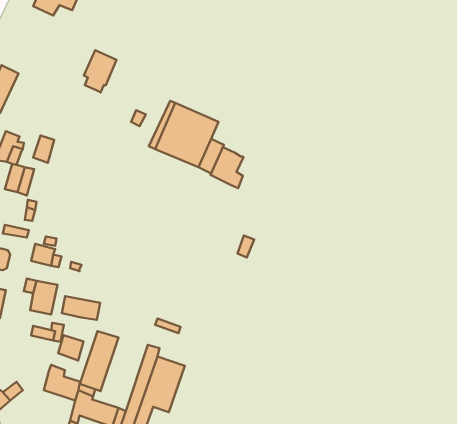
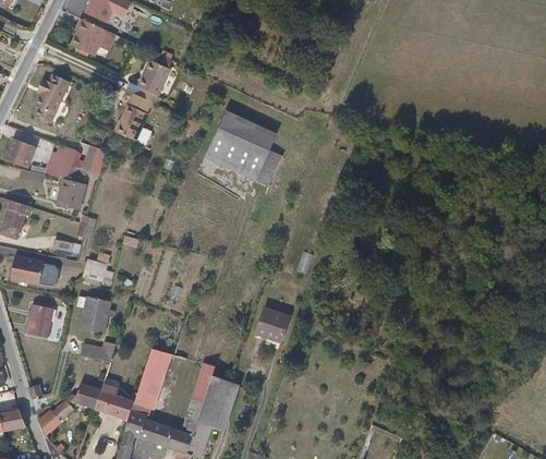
building: none -> [72,20,116,56]
building: none -> [114,94,151,142]
building: [210,147,243,188] -> none
building: none -> [256,307,290,342]
building: [62,296,100,320] -> none
building: [58,335,83,361] -> [74,385,100,411]

